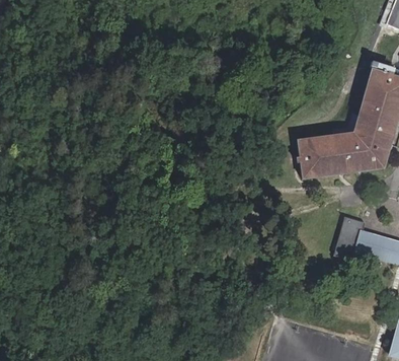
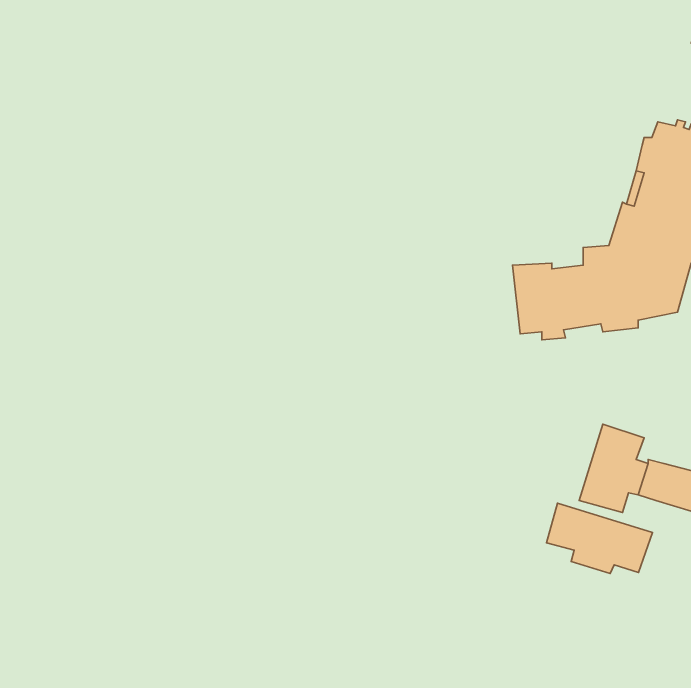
building: none -> [547,503,653,573]

